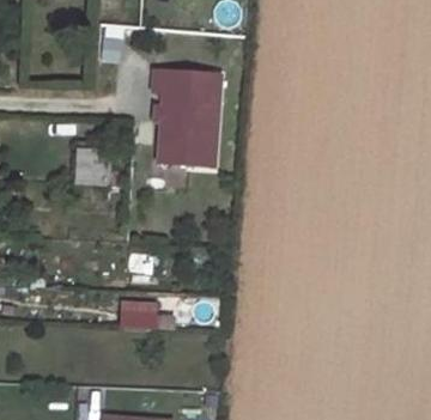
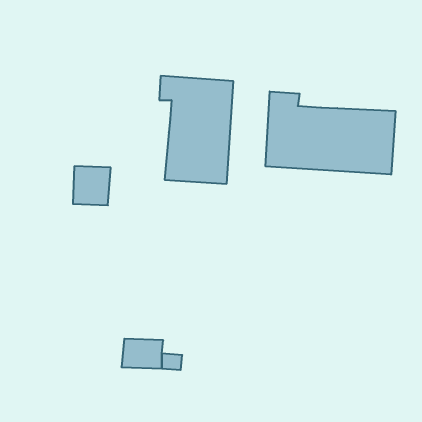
building: none -> [266,91,395,175]

